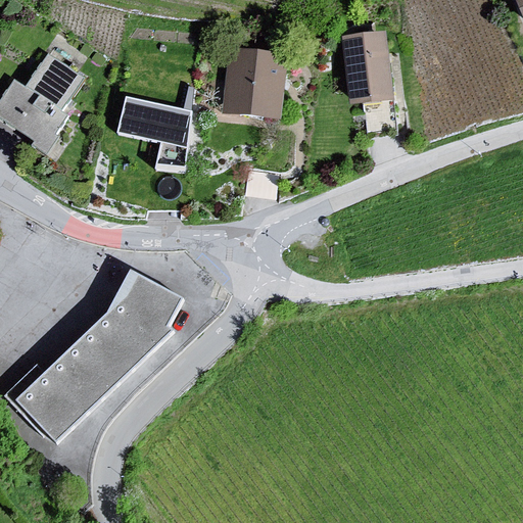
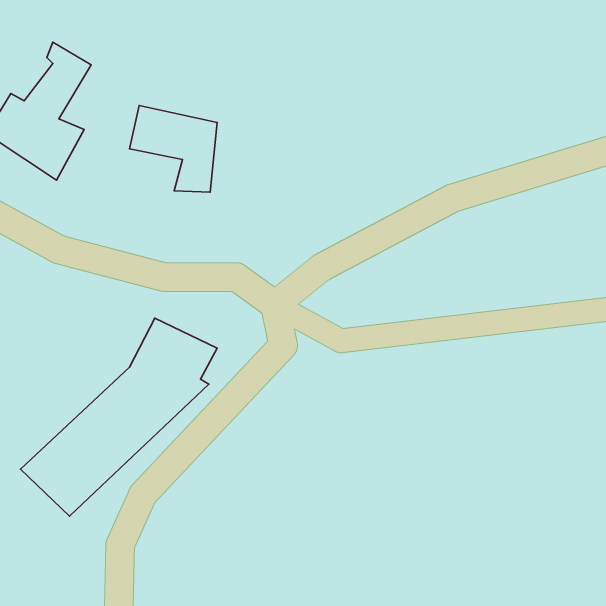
building: [340,30,397,103] -> none
building: [220,50,286,118] -> none

